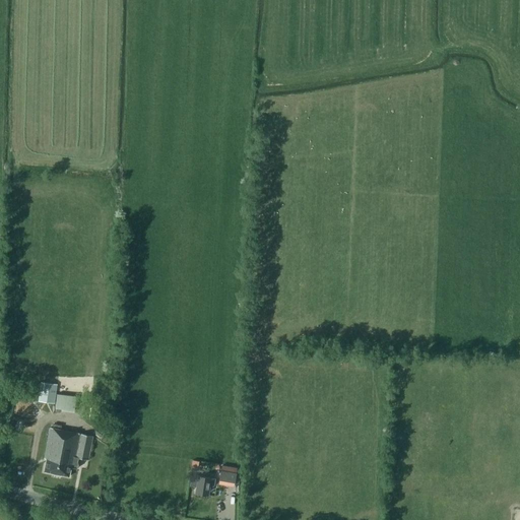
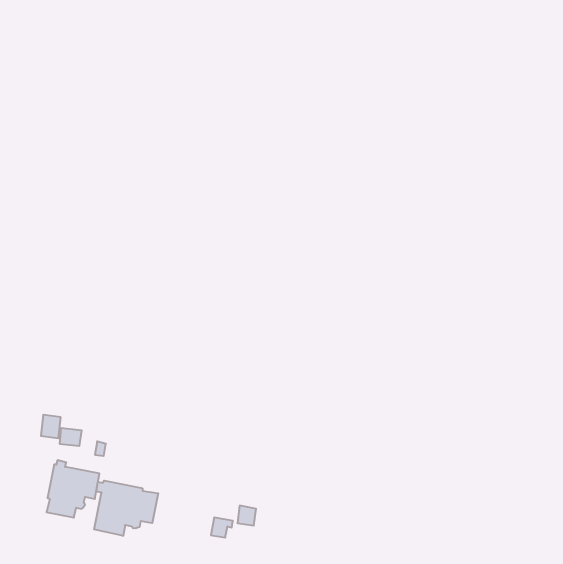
building: none -> [94,481,158,536]

